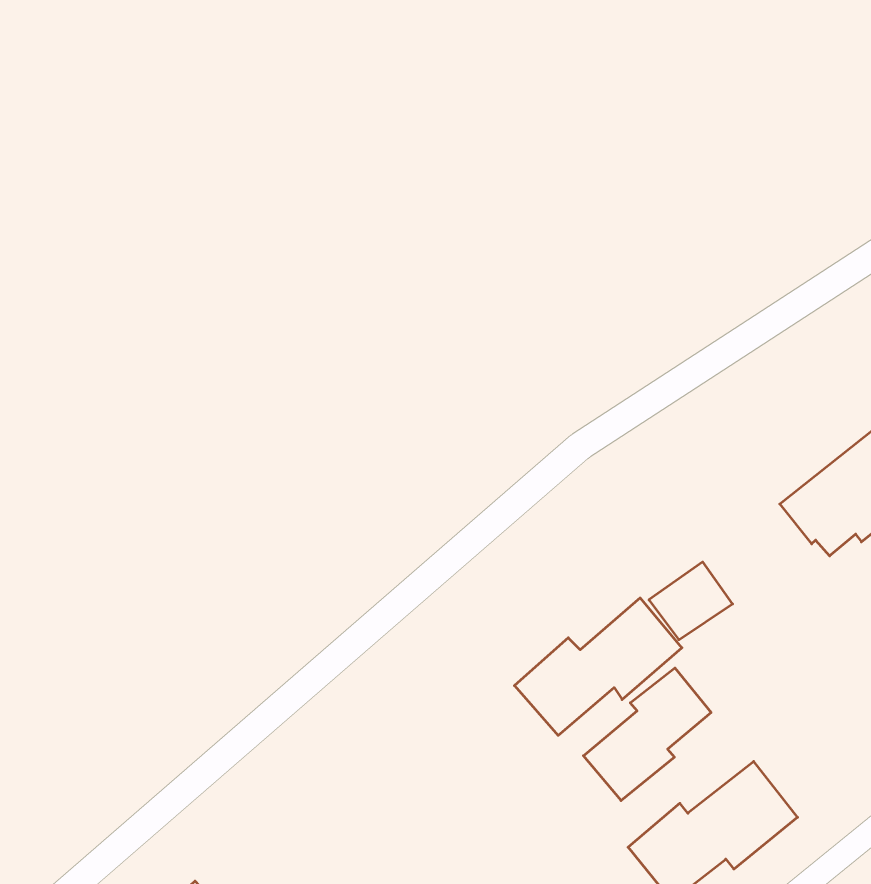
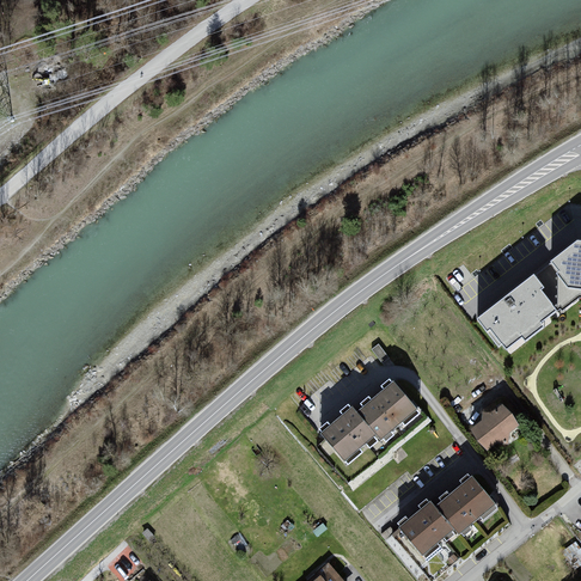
building: [649,562,733,640] -> [461,403,512,449]
building: [583,668,711,801] -> none

